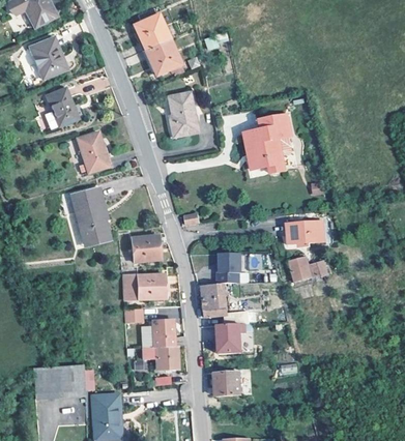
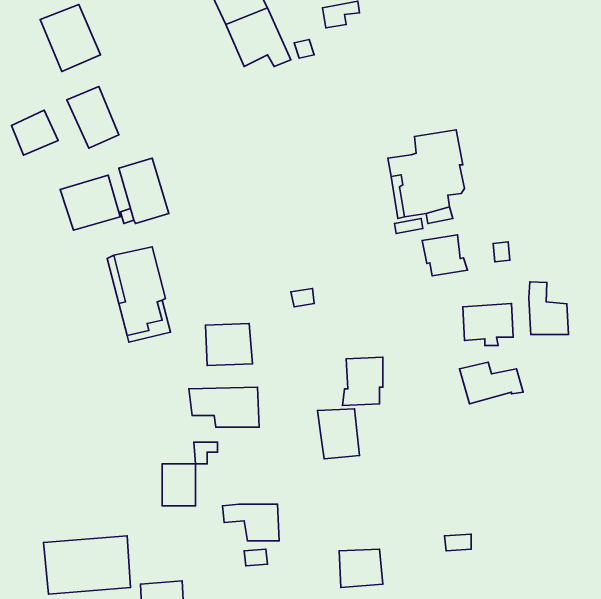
building: [168,90,199,135] -> none
building: none -> [11,110,58,155]
building: none -> [60,175,120,230]
building: none -> [422,235,467,276]
building: none -> [529,282,568,335]
building: [152,319,173,345] -> [162,464,196,506]
building: [218,324,242,354] -> none

